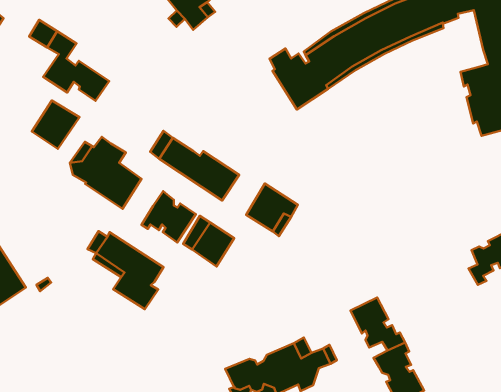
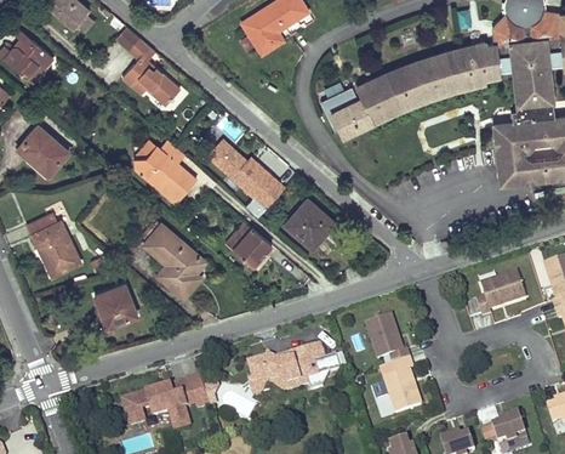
building: [32,101,79,149] -> none
building: [141,191,196,243] -> none
building: none -> [95,283,136,327]

